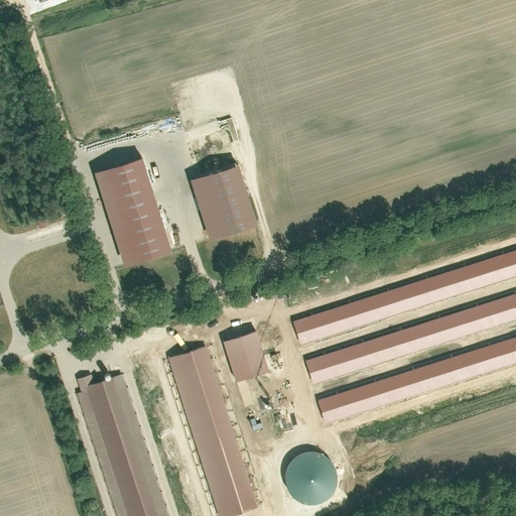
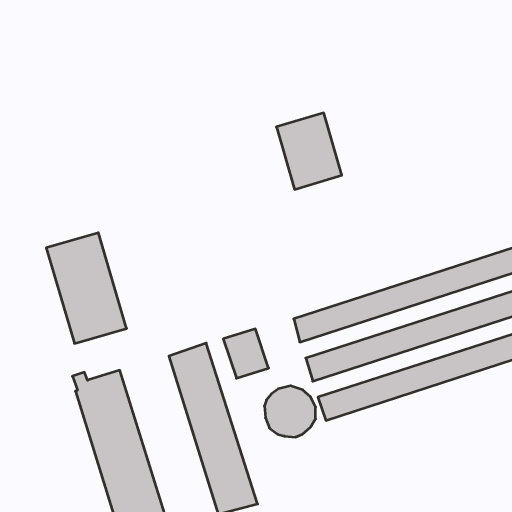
building: [90,155,170,266] -> [46,233,127,343]
building: [184,163,250,240] -> [276,113,342,189]
building: [288,453,340,504] -> [264,386,316,437]

